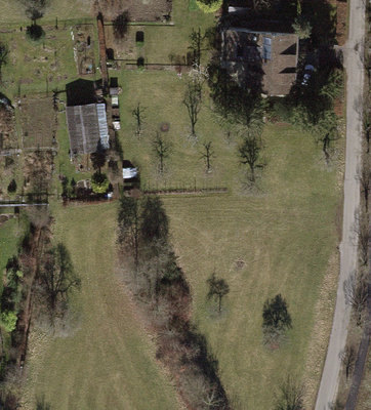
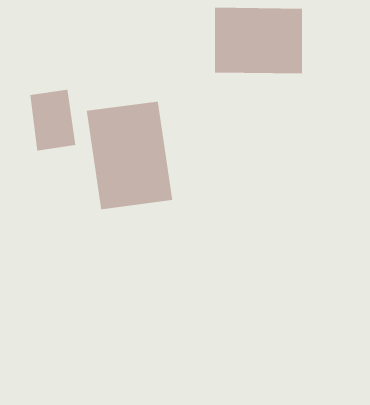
building: none -> [86,101,173,210]

